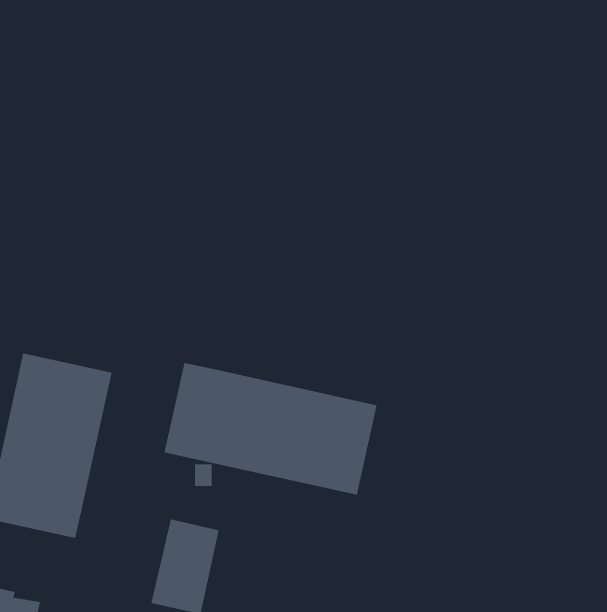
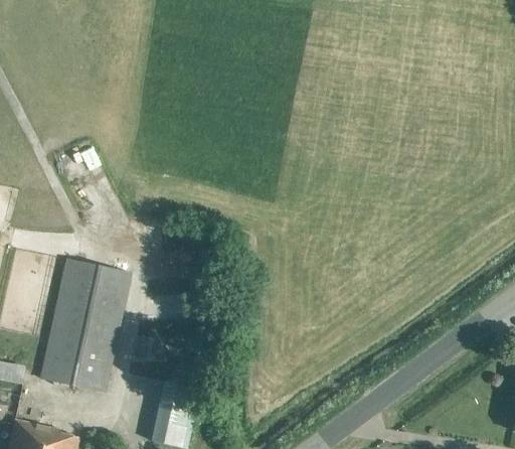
building: [164,362,377,496] -> none

